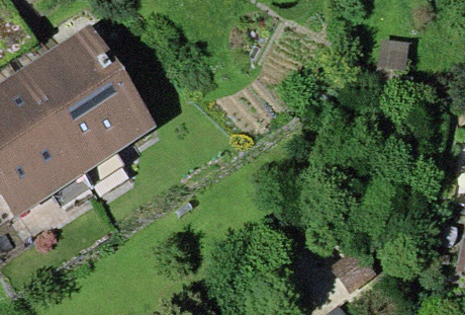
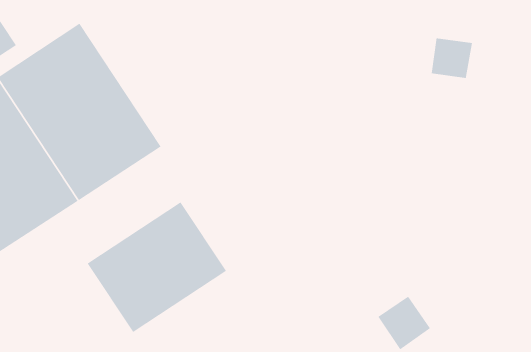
building: none -> [87,201,227,333]

